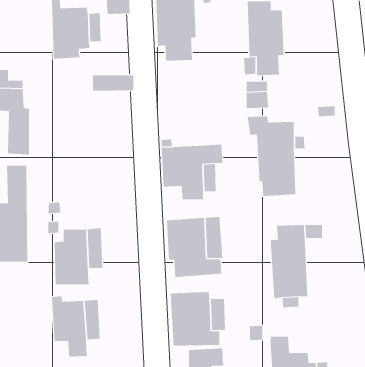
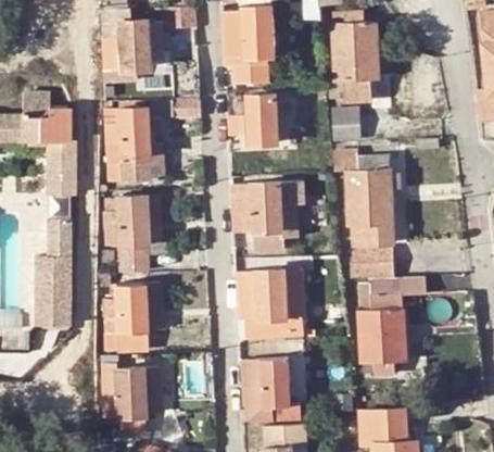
building: none -> [228,95,277,145]
building: none -> [104,108,163,180]
building: none -> [103,196,161,271]
building: none -> [352,248,392,276]

